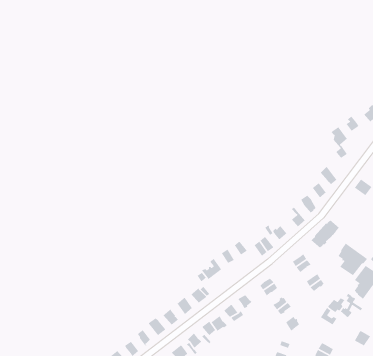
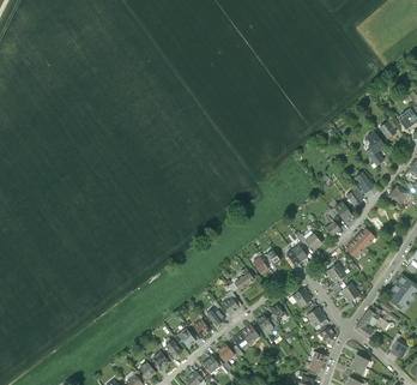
building: [338,242,368,276] -> none

